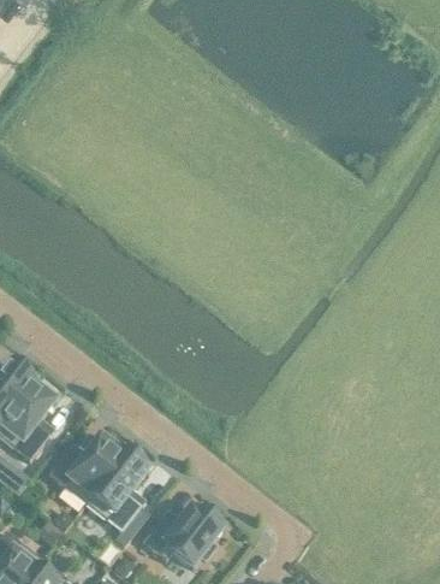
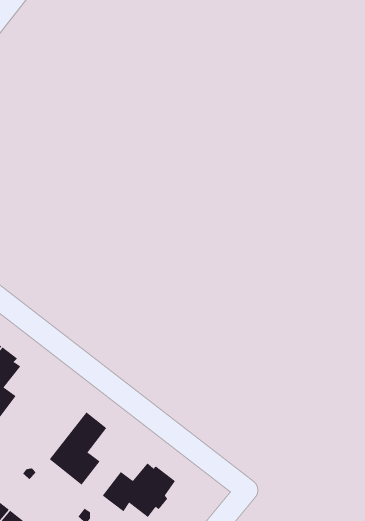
building: [49,438,126,505] -> none

